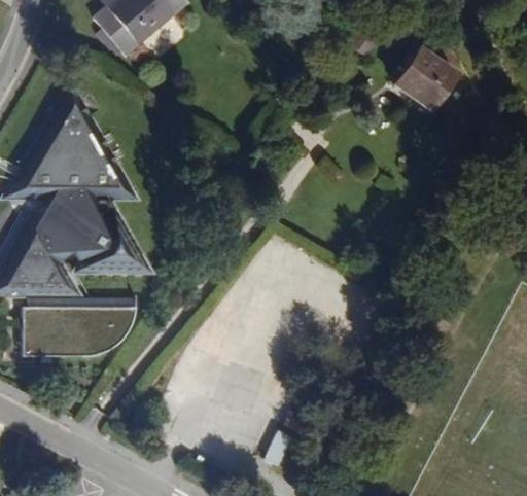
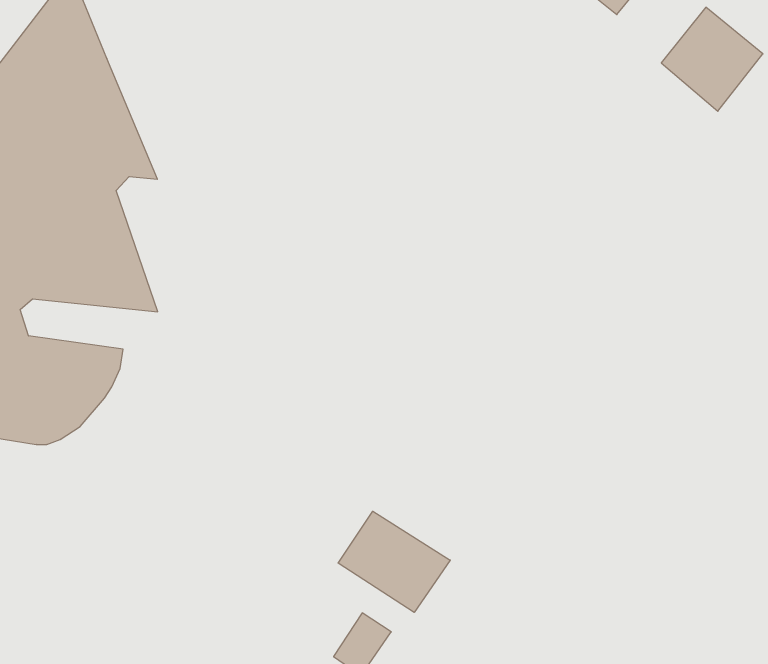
building: none -> [338,511,450,612]

